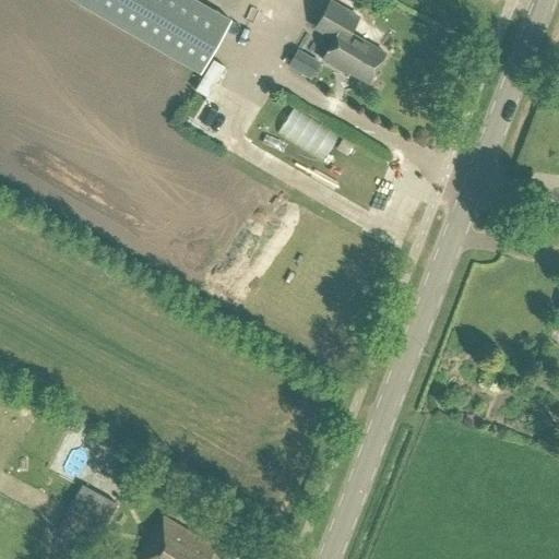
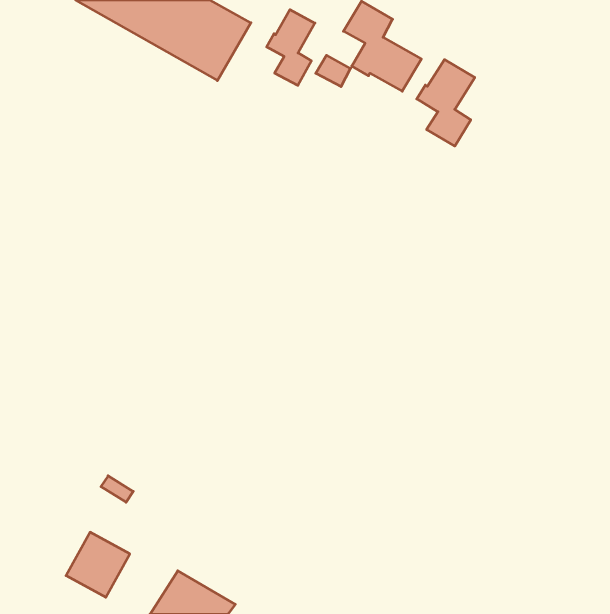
building: none -> [267,10,315,85]
building: none -> [417,60,475,146]

